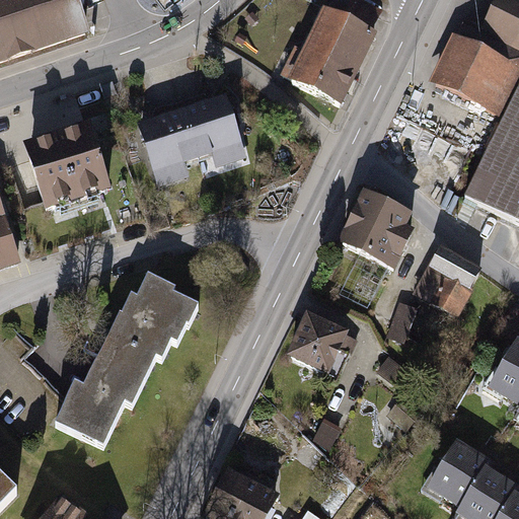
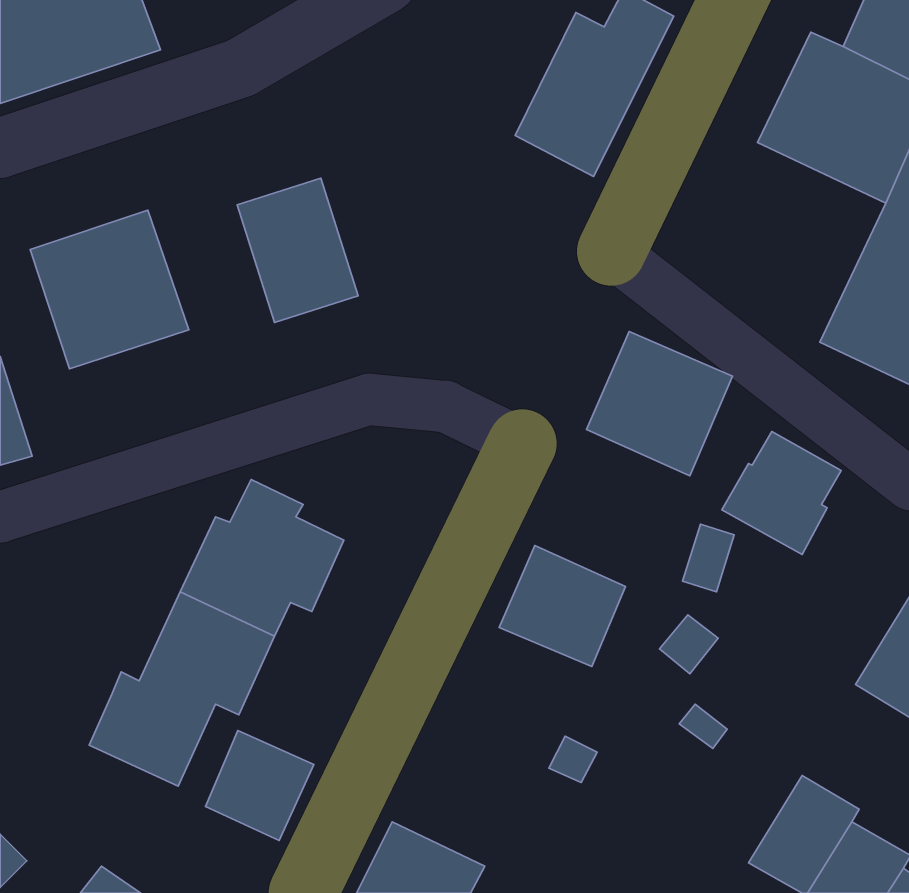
building: [183,88,247,168] -> none
building: none -> [205,730,314,840]

